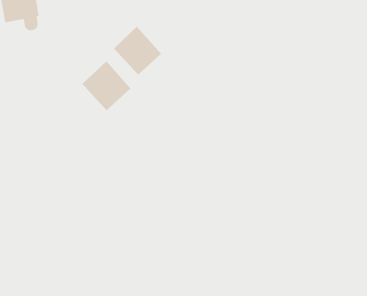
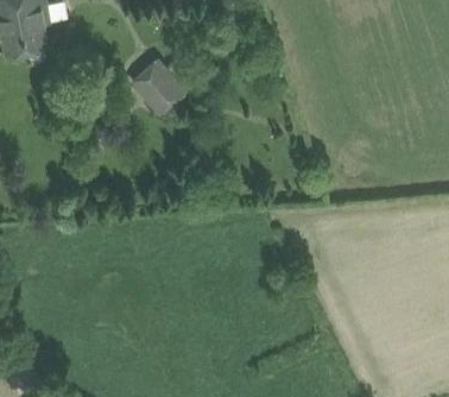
building: [82,60,131,111] -> none

